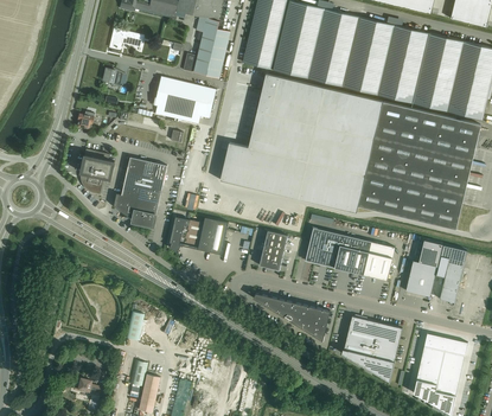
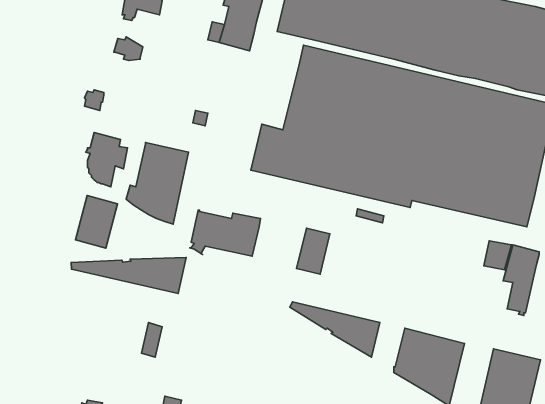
building: [155,78,213,122] -> none
building: none -> [75,196,117,248]
building: [305,228,395,280] -> none
building: none -> [71,257,186,293]
building: [405,261,436,296] -> none

